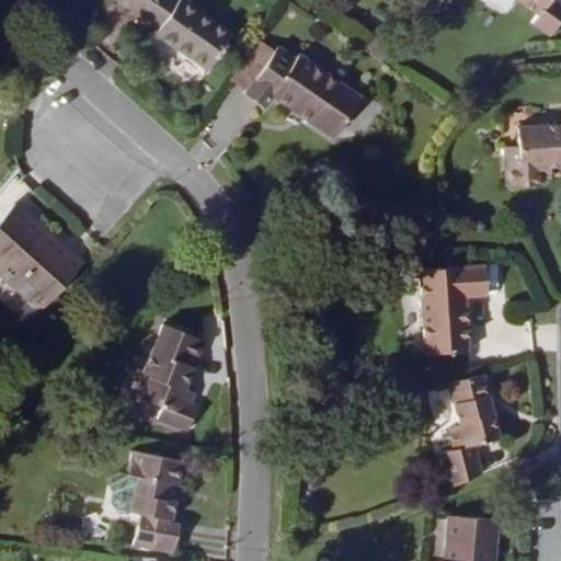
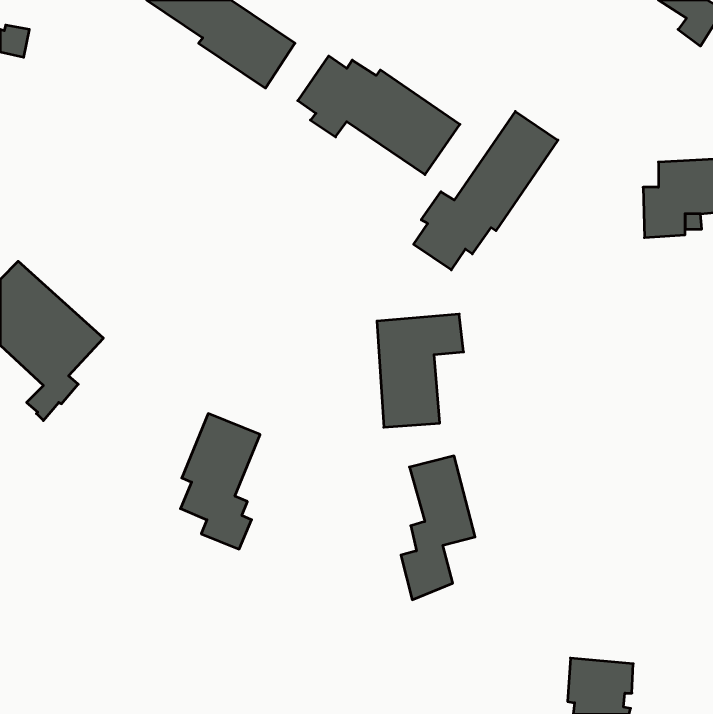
building: none -> [414,111,558,270]
building: [420,265,488,354] -> [377,314,464,427]
building: [442,375,500,488] -> [401,456,475,600]
building: [110,451,184,554] -> none

